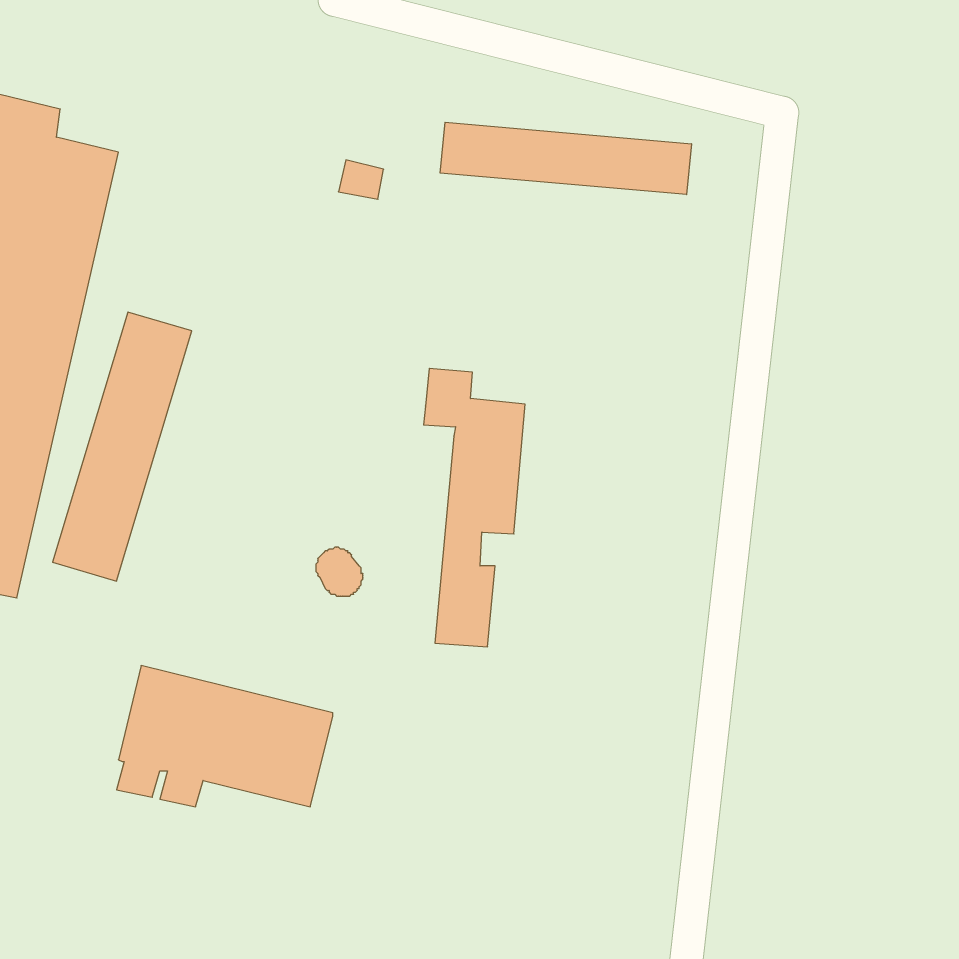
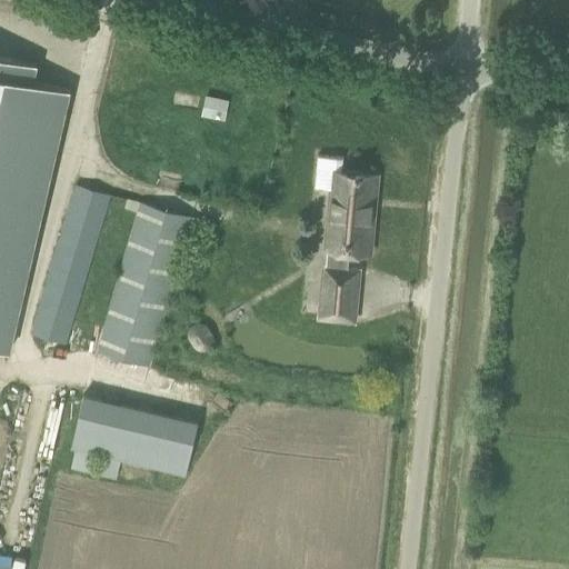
building: [440,122,691,195] -> none
building: none -> [98,203,191,369]
building: [424,368,525,647] -> [313,156,373,320]

